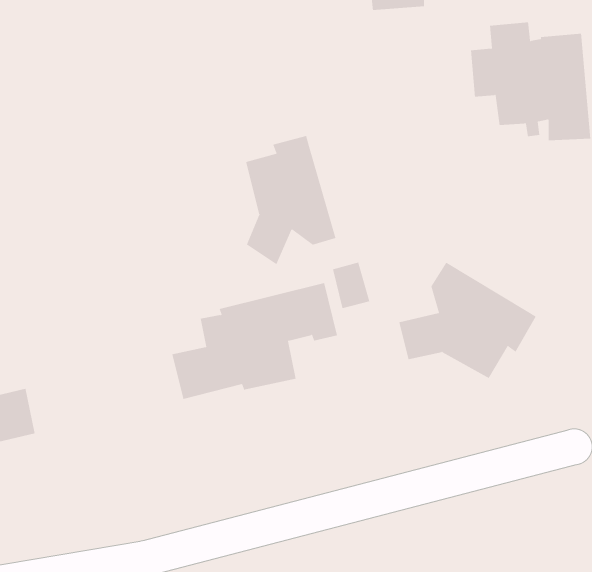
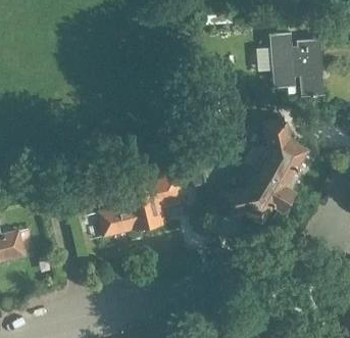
building: [245,135,336,265] -> none
building: none -> [244,119,307,190]

